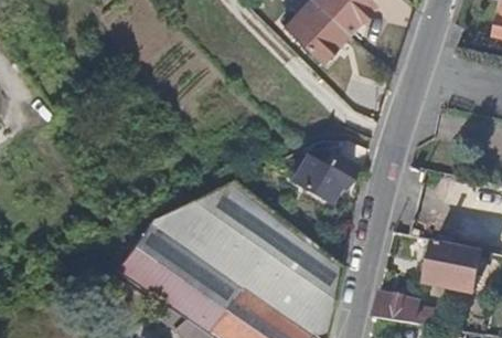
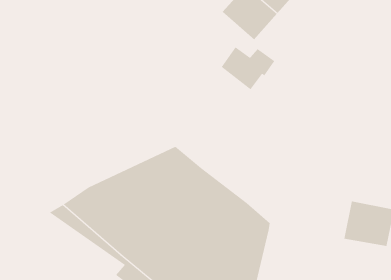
building: [295,150,356,200] -> [221,46,275,90]
building: [376,293,435,327] -> none

